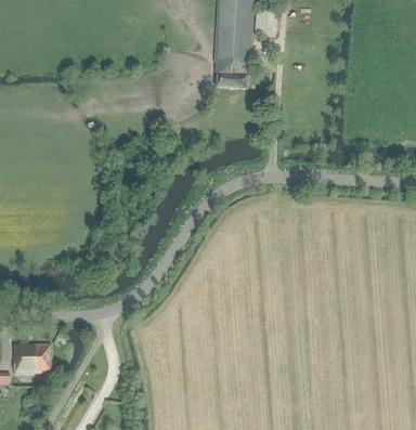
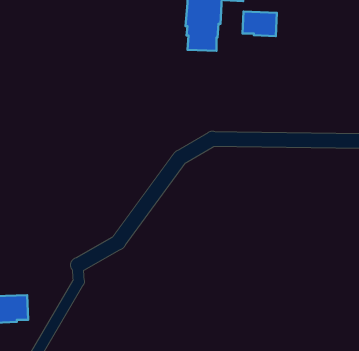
building: none -> [242,12,277,36]

